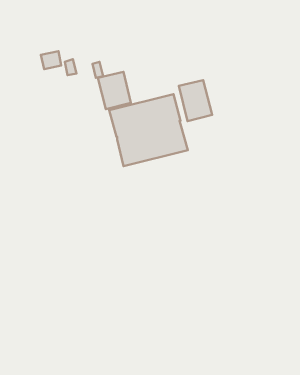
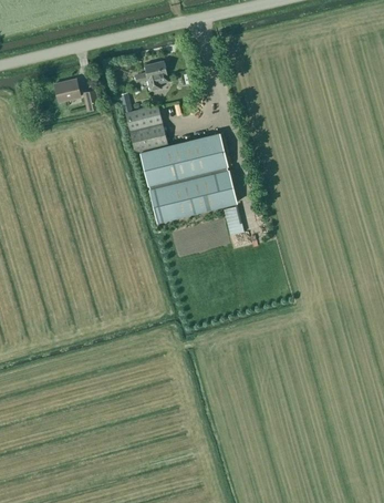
building: none -> [134,61,168,91]
building: [179,80,212,121] -> none

